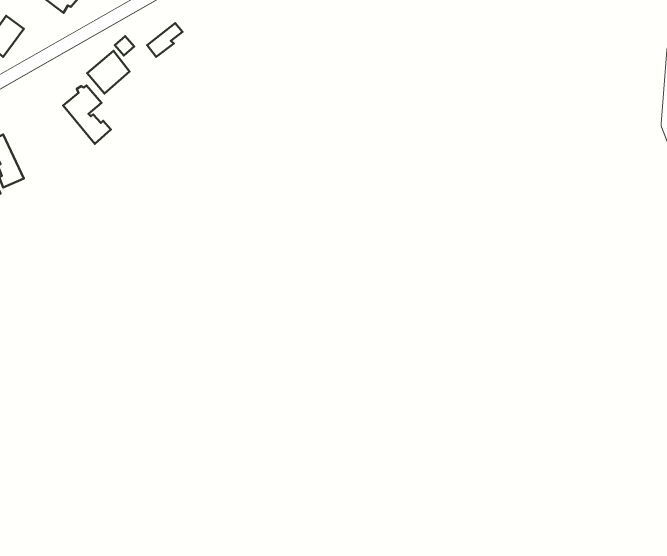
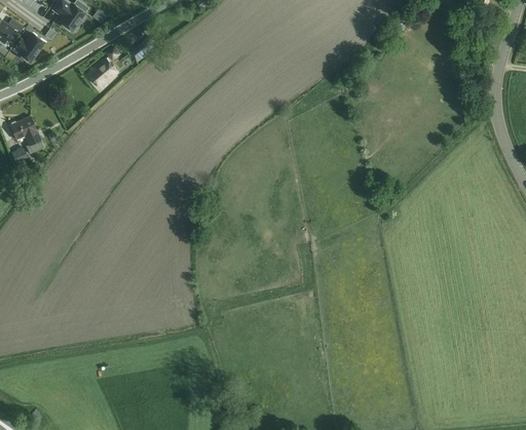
building: [63,86,111,144] -> none

